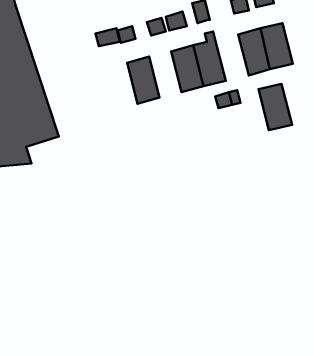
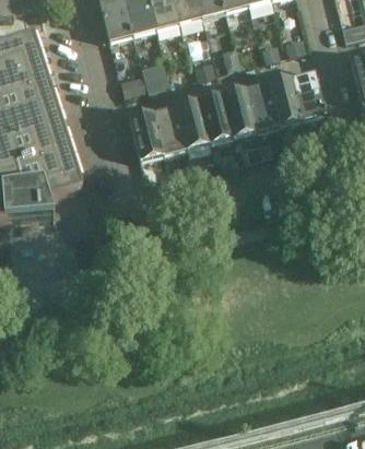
building: none -> [176,88,210,146]
building: none -> [129,101,164,158]
building: [258,84,292,130] -> [245,81,280,129]

